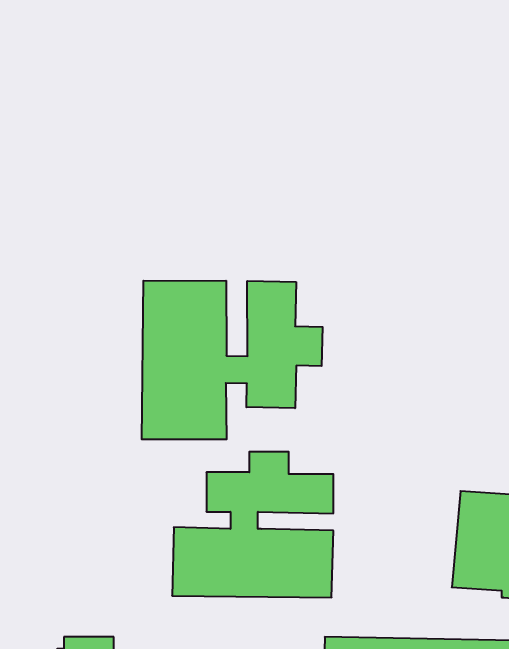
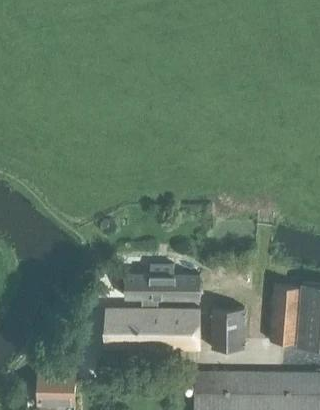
building: [142,281,323,439] -> none
building: none -> [211,309,244,349]

